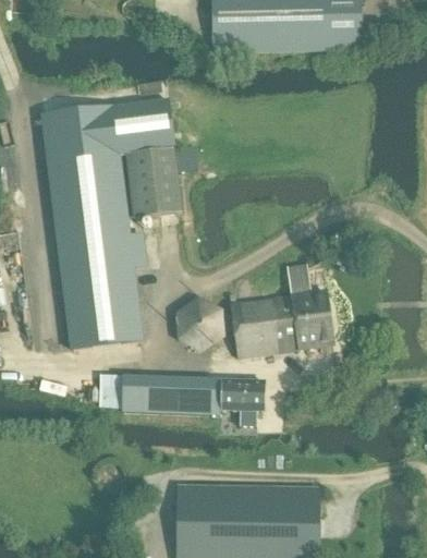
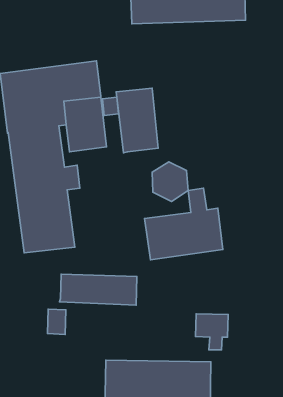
building: none -> [116,88,158,153]
building: [176,299,223,350] -> [152,162,188,202]
building: [98,374,122,407] -> [47,309,66,334]
building: [221,379,264,426] -> [195,314,228,350]

